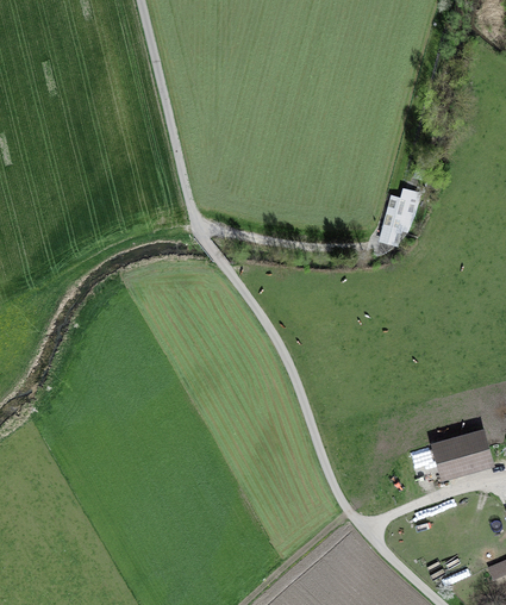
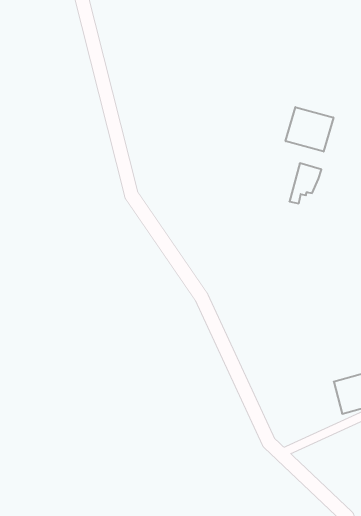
building: none -> [286,107,333,152]

